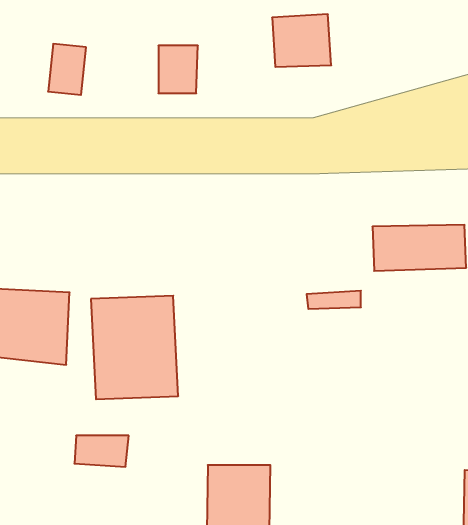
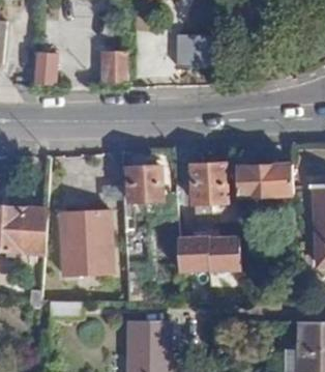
building: none -> [190,165,230,203]
building: none -> [129,167,165,202]
building: none -> [176,236,241,271]

